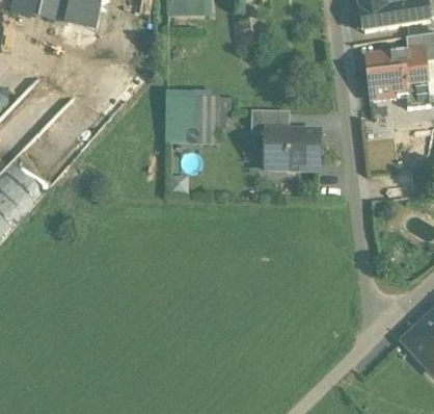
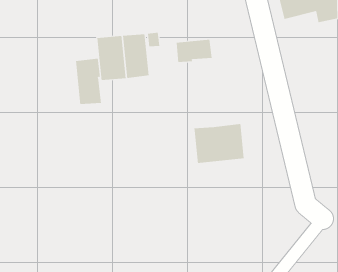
building: none -> [75,58,102,105]
building: [266,129,319,169] -> [194,123,244,164]

